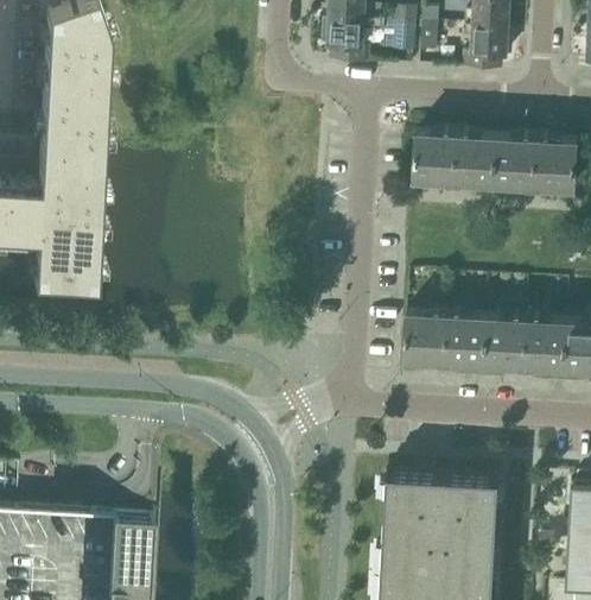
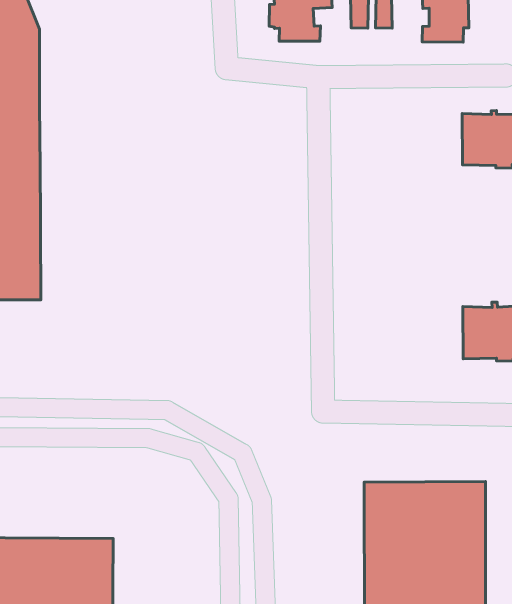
building: [414,133,497,188] -> none
building: [406,311,488,367] -> none

